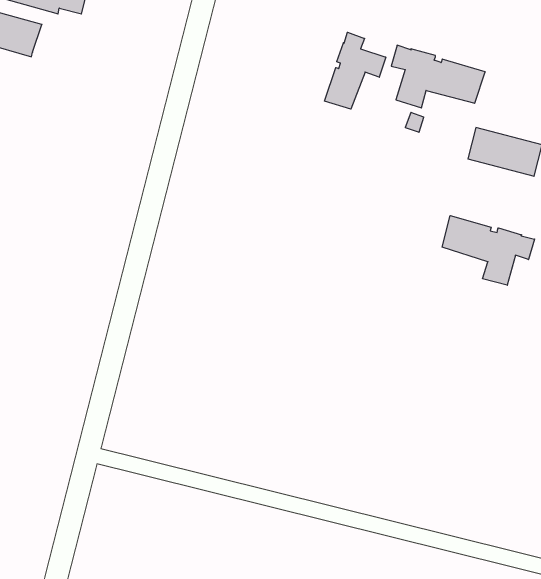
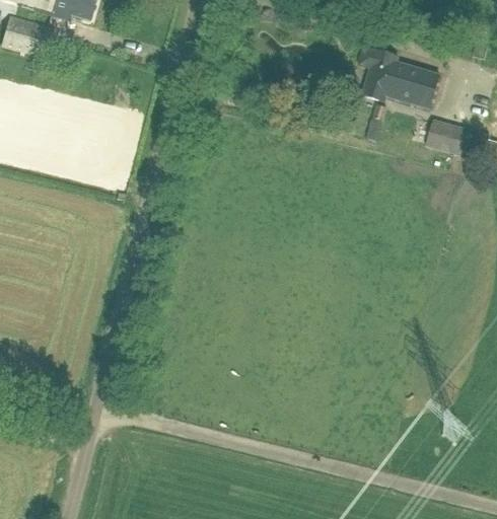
building: [324,32,386,109] -> none
building: [442,216,535,285] -> none

